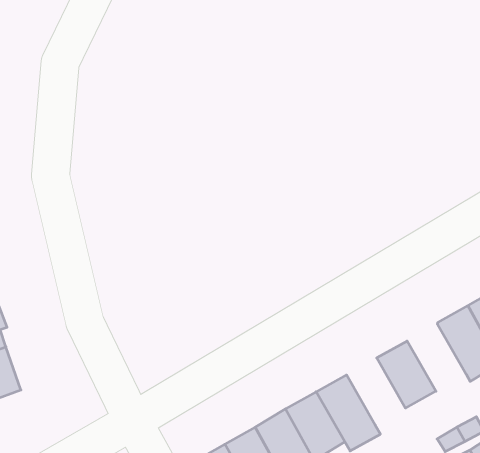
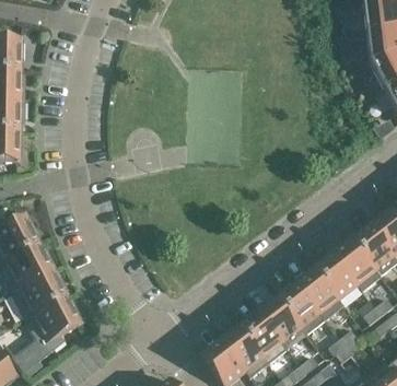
building: none -> [332,241,378,290]
building: none -> [295,269,342,319]

